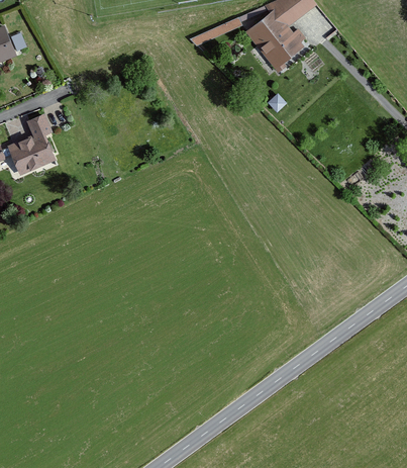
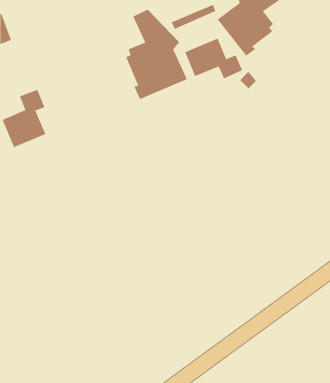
building: none -> [125,9,187,100]
building: none -> [184,38,243,79]

